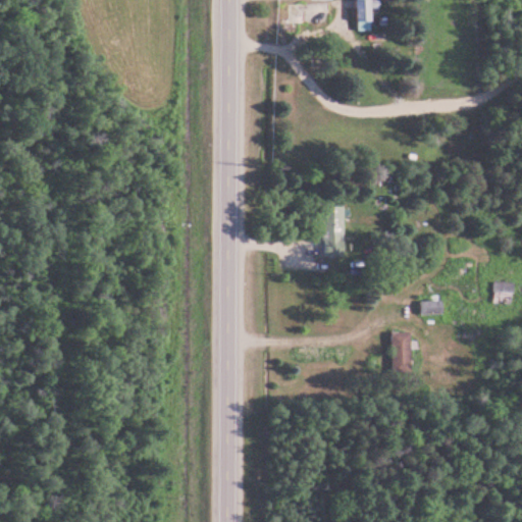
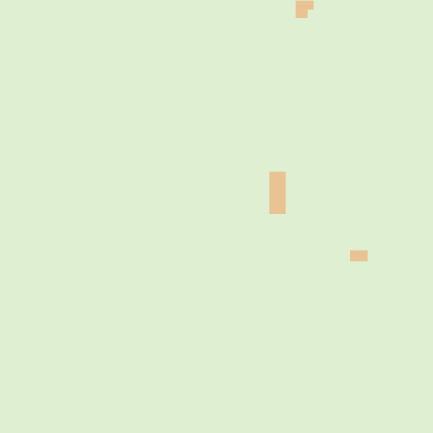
building: [494,282,516,305] -> none
building: [392,332,411,373] -> none

